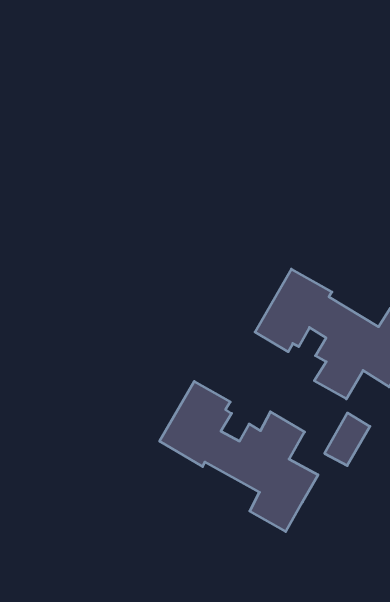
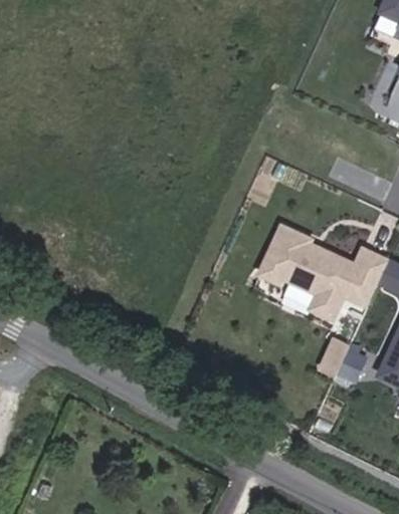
building: [160,381,318,532] -> none

